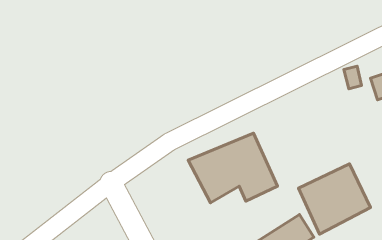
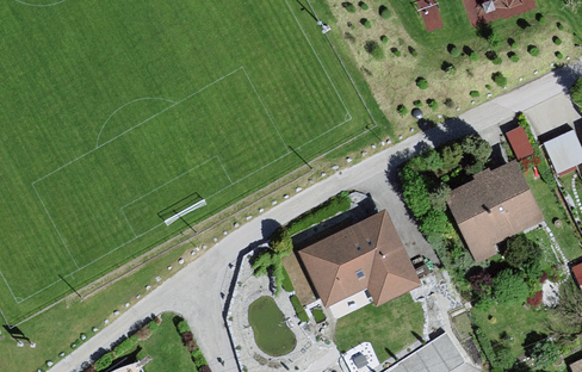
building: [299,164,371,234] -> [444,162,546,262]

